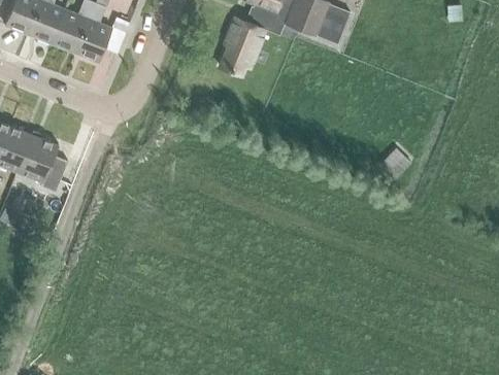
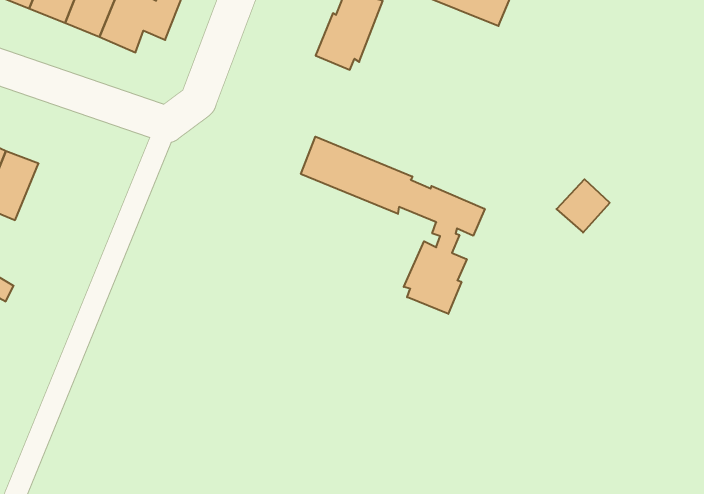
building: none -> [301,137,485,314]
building: [19,135,68,192] -> none

